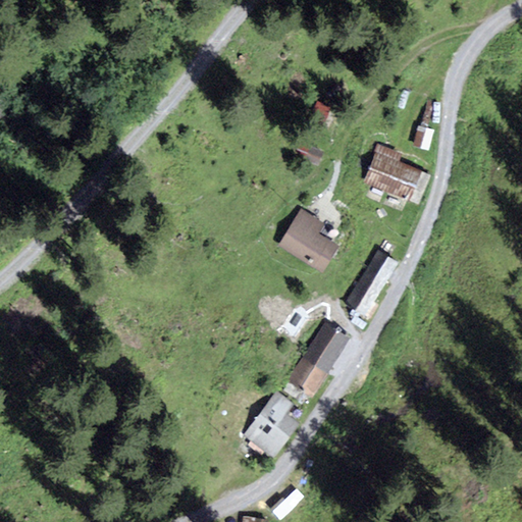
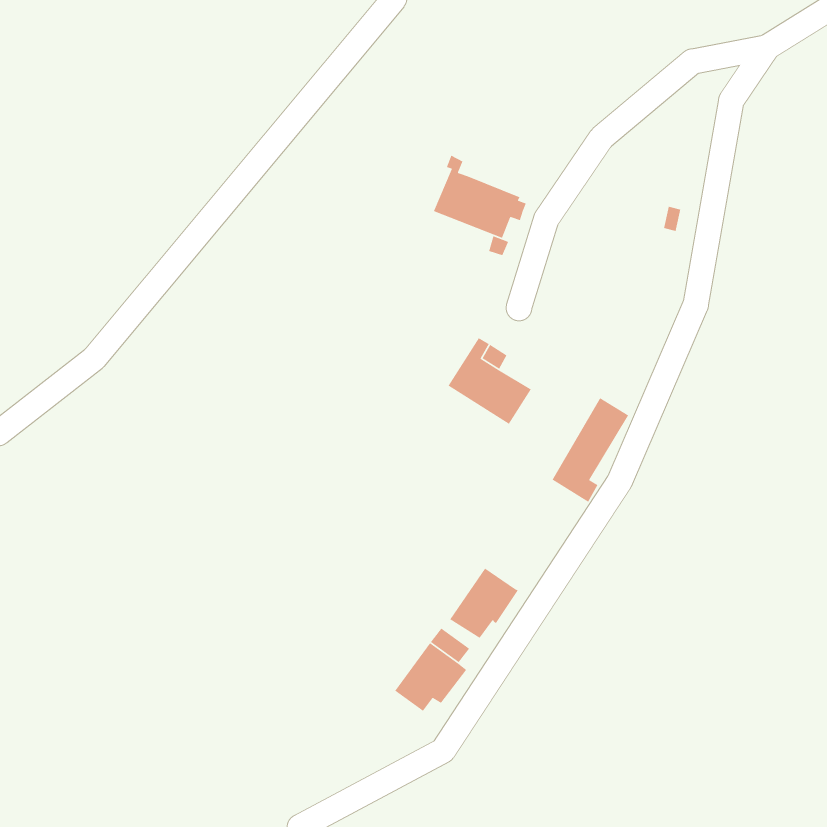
building: [365,144,424,197] -> [433,155,527,239]
building: [305,323,347,370] -> none

